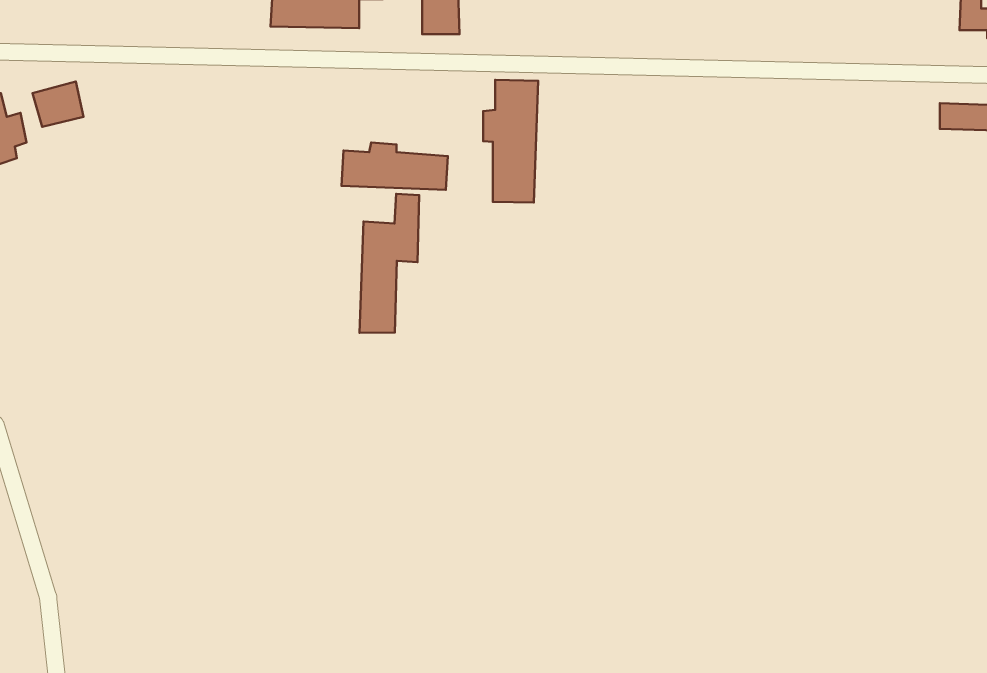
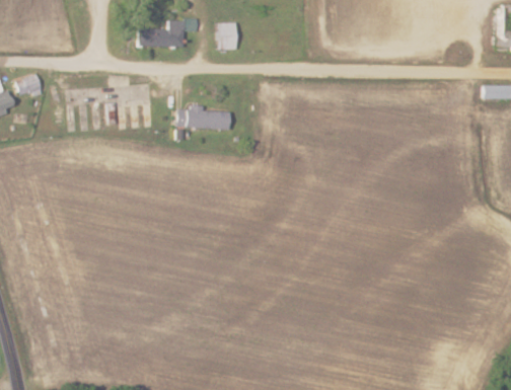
building: [483,80,538,202] -> none
building: [359,194,419,333] -> none

